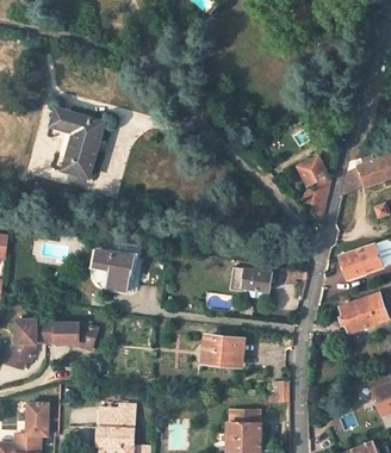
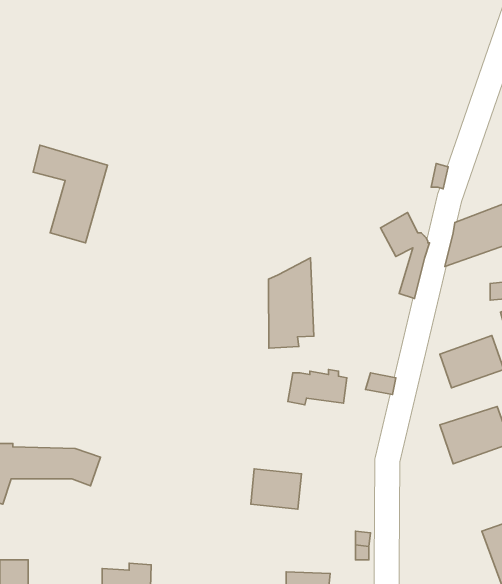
building: none -> [268,258,314,348]
building: [93,250,132,292] -> none

